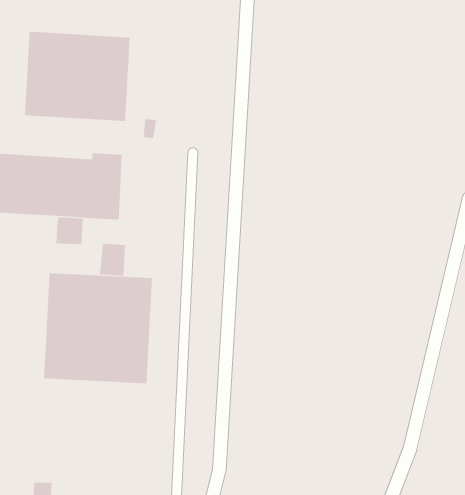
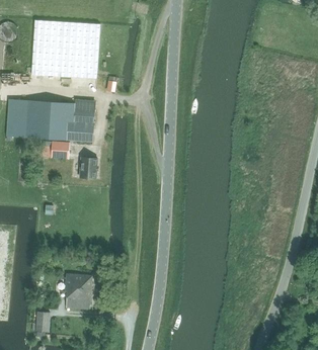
building: [43,272,153,384] -> none
building: none -> [66,274,92,310]

